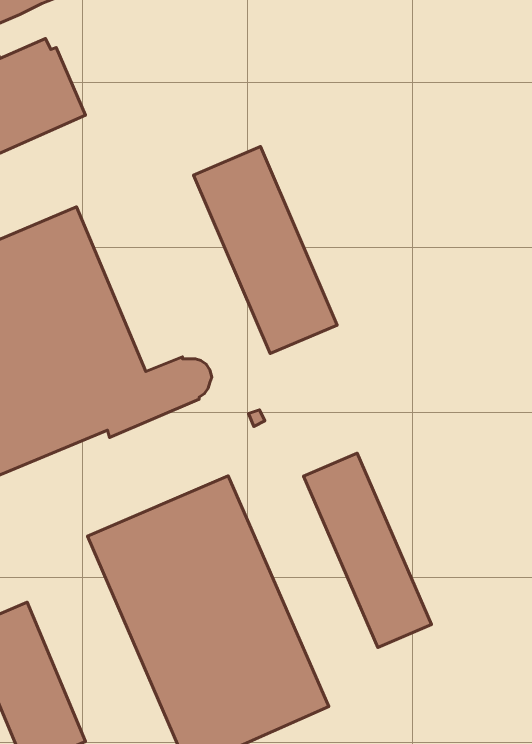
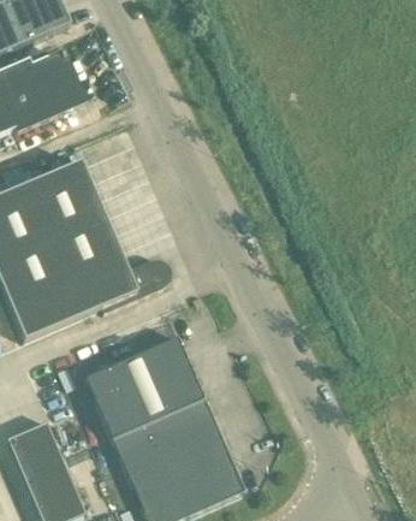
building: [194,147,337,354] -> none
building: [304,453,431,647] -> none

